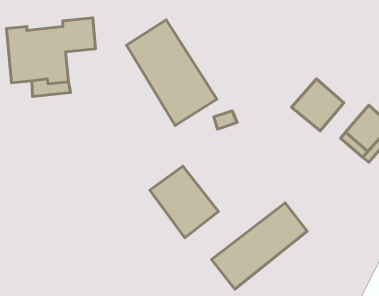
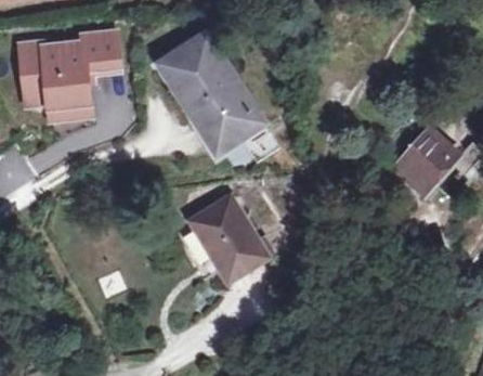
building: [292,79,344,131] -> none
building: [212,203,307,289] -> none

